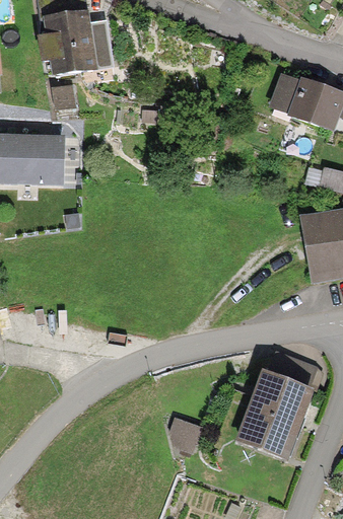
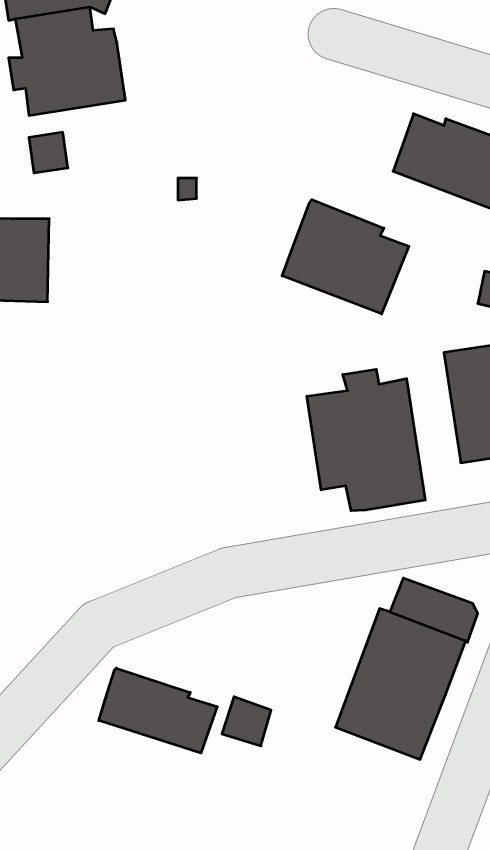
building: none -> [282,200,409,314]
building: none -> [307,369,425,511]
building: none -> [99,668,217,753]

